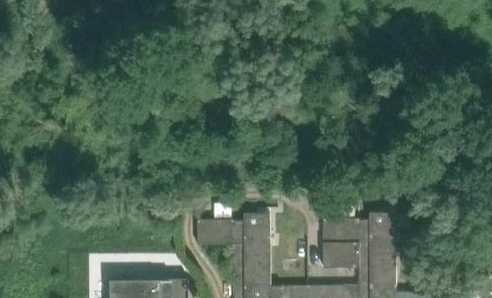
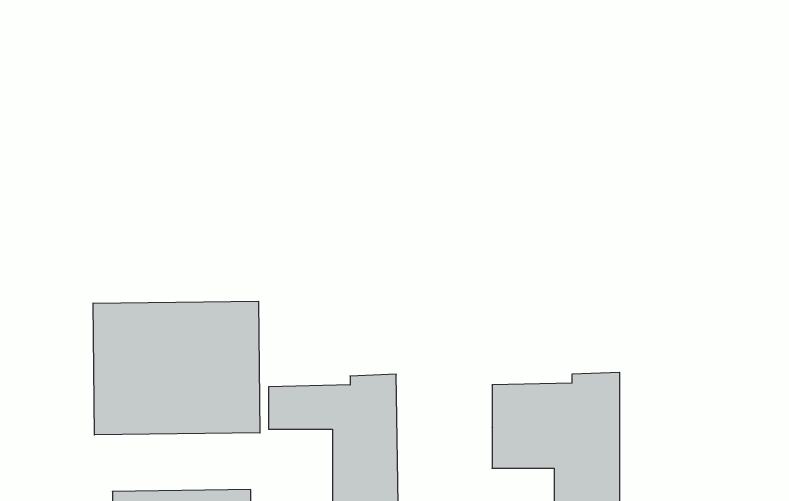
building: none -> [93,301,260,435]

